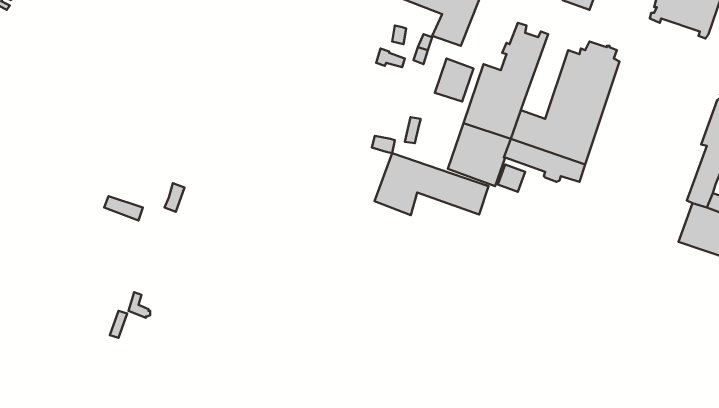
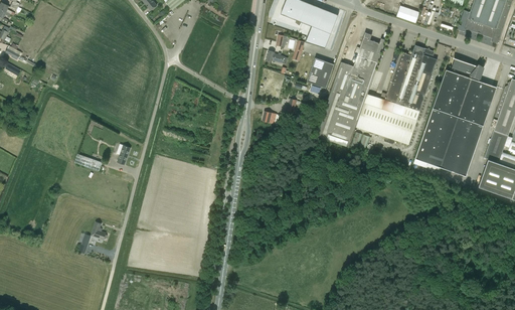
building: none -> [412,58,497,176]
building: [374,153,488,215] -> none

